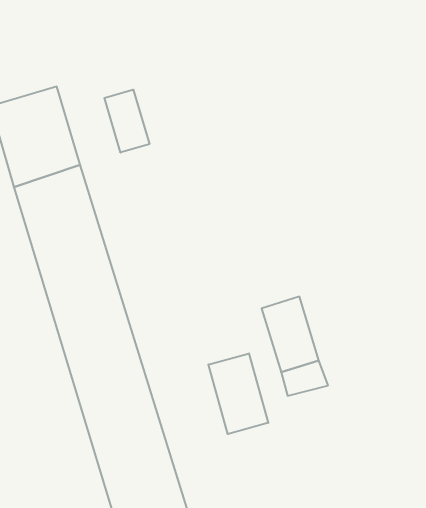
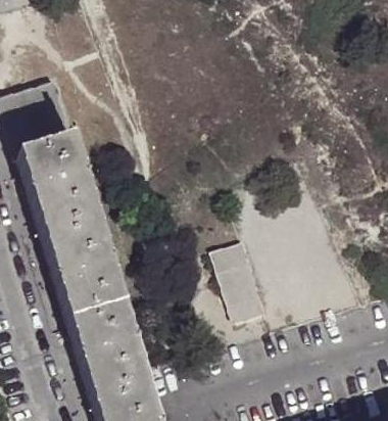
building: [104,90,149,153] -> none
building: [208,353,268,434] -> none

